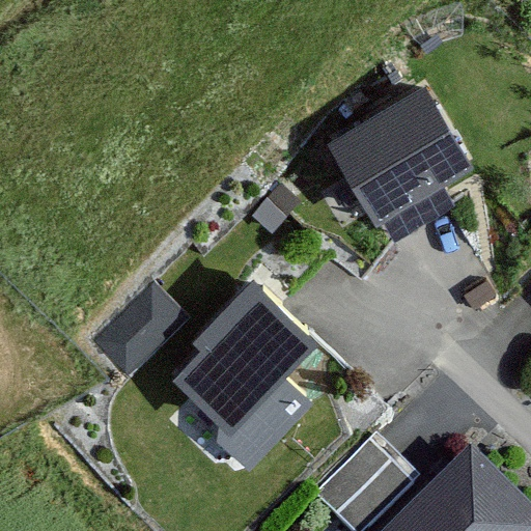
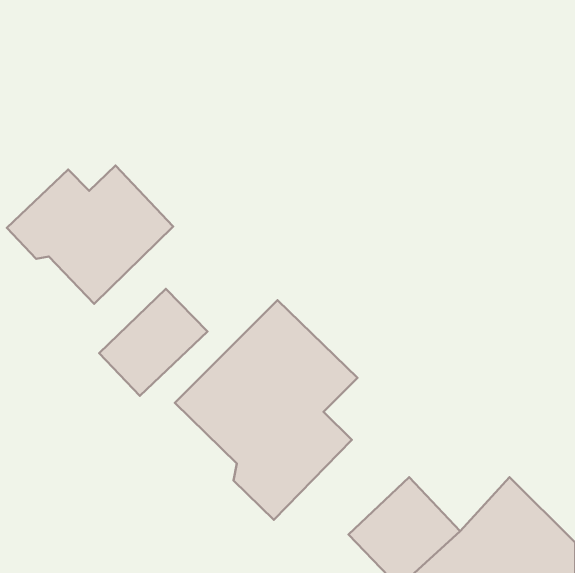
building: [326,88,474,230] -> none
building: none -> [7,165,173,304]

